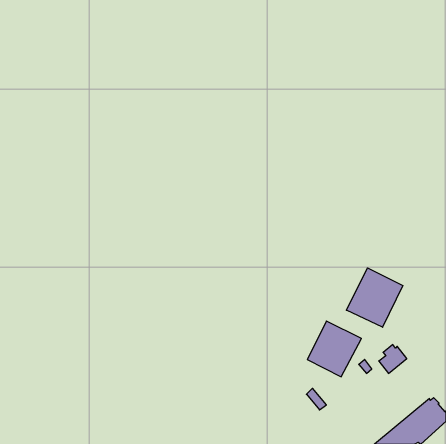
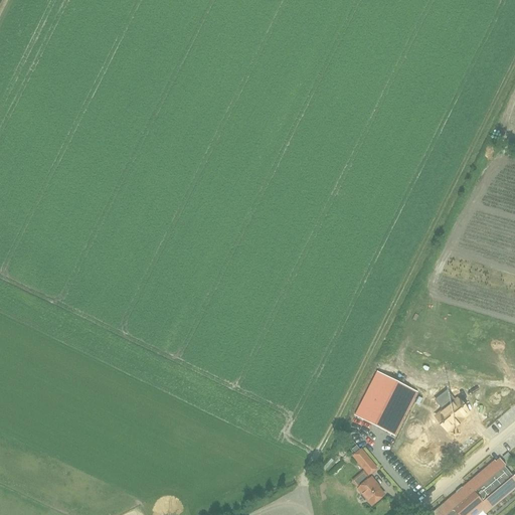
building: [346,268,403,327] -> none
building: none -> [357,476,384,504]

